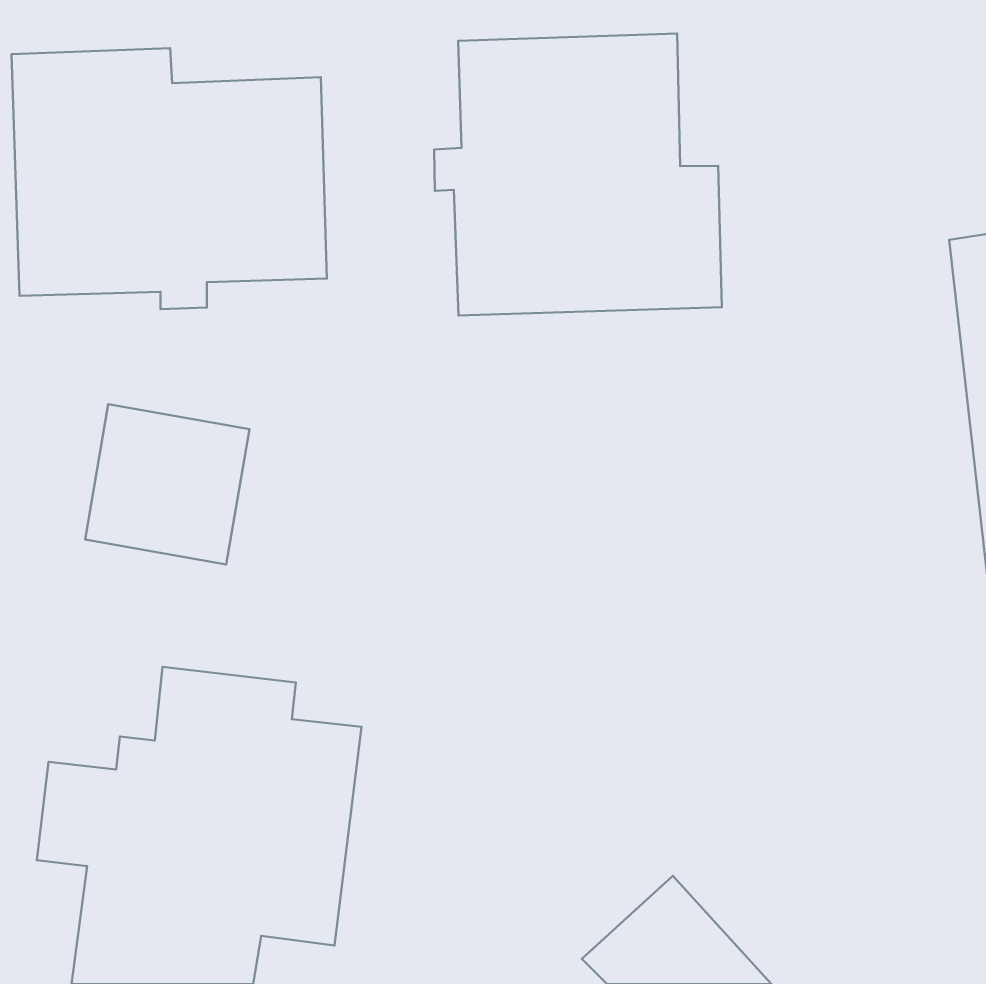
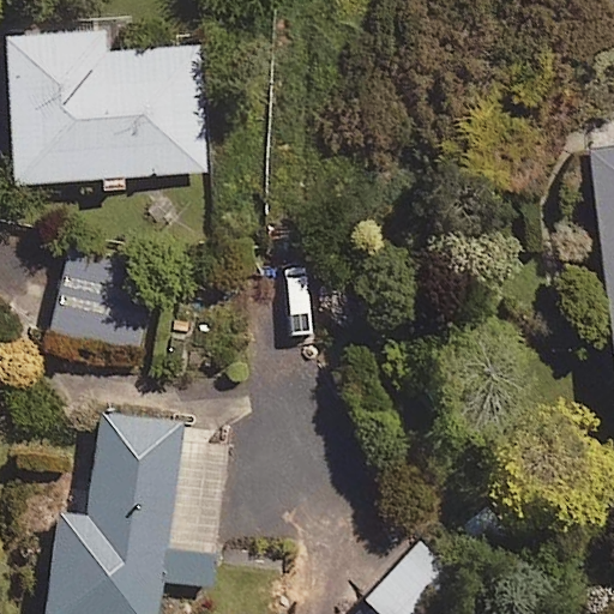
building: [434,33,722,316] -> none

